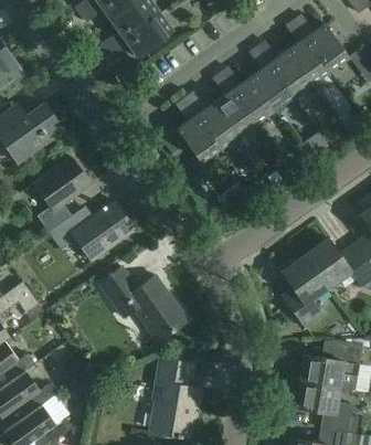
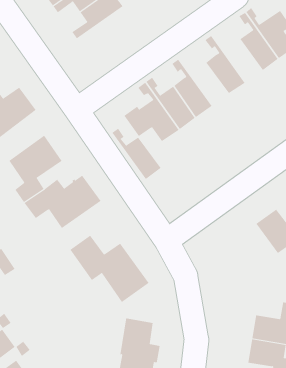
building: [107,13,172,57] -> none
building: [256,40,312,98] -> none
building: [220,66,275,124] -> [111,128,161,180]
building: [282,254,329,328] -> none

